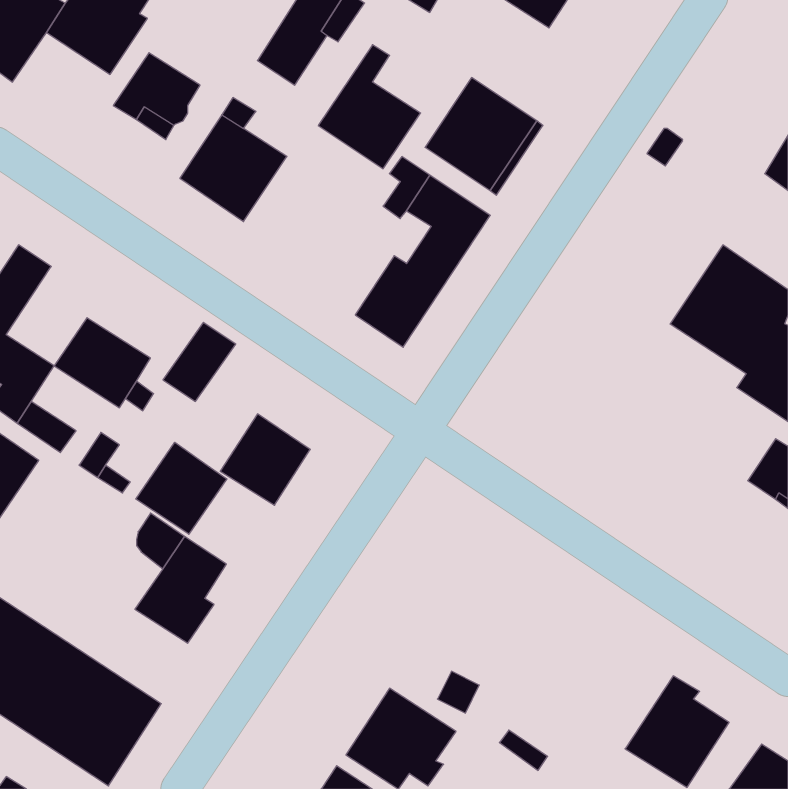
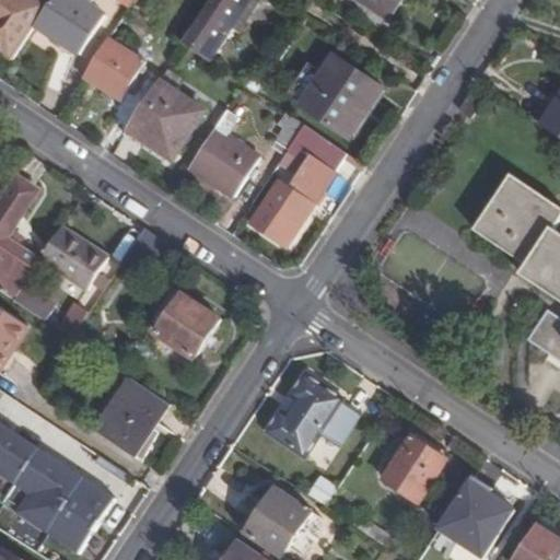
building: [318,45,421,169] -> [187,108,259,196]
building: [136,442,227,534] -> none
building: none -> [265,372,358,456]
building: none -> [382,434,445,502]

